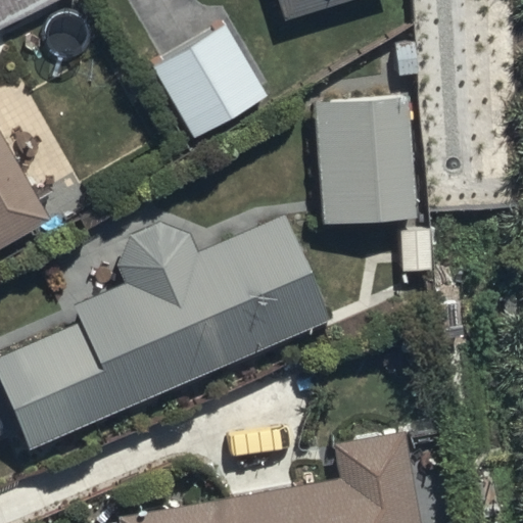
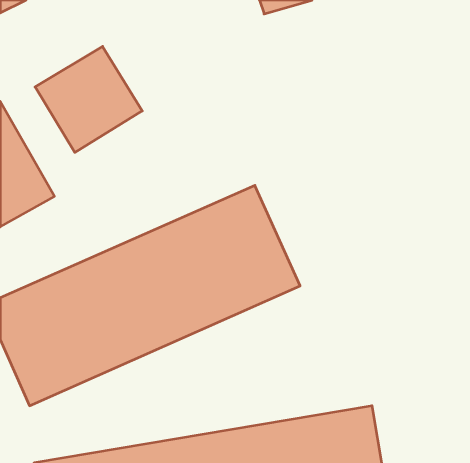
building: [145,20,264,138] -> [35,46,142,152]
building: [307,91,410,221] -> none

